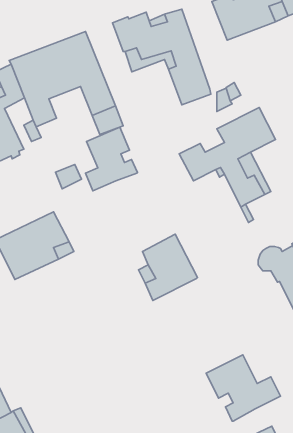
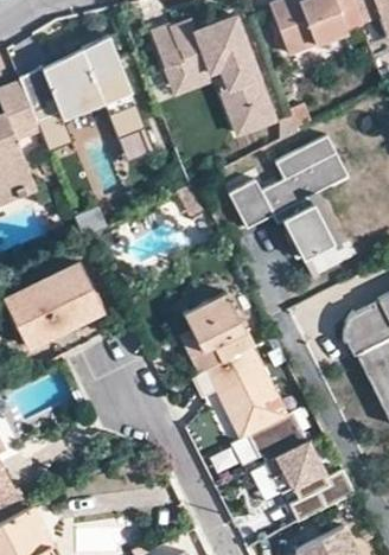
building: [85,127,138,191] -> none
building: none -> [191,346,307,462]

